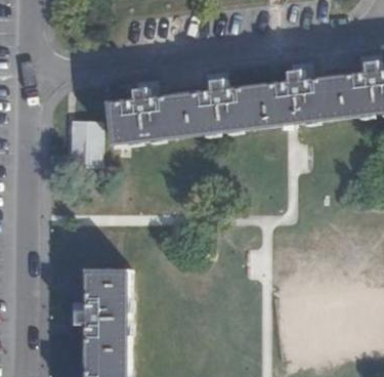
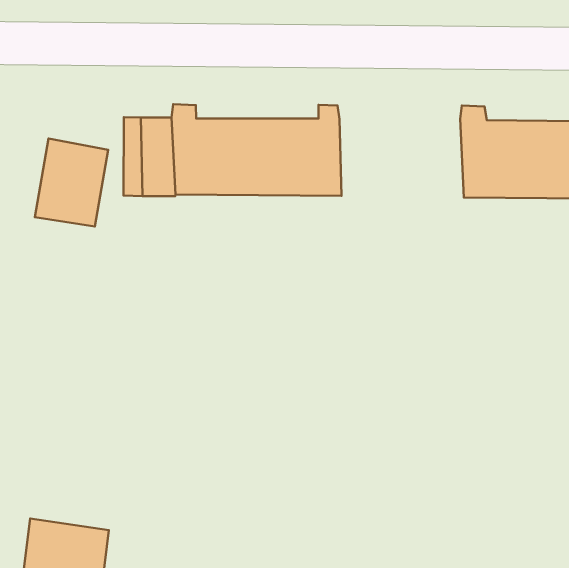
building: [223,80,295,129] -> none
building: [76,269,127,324] -> none

